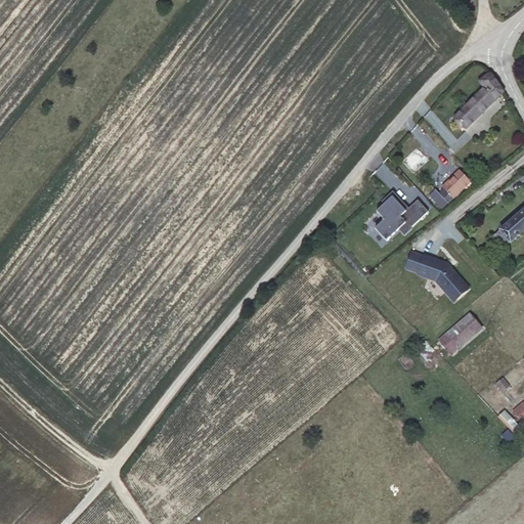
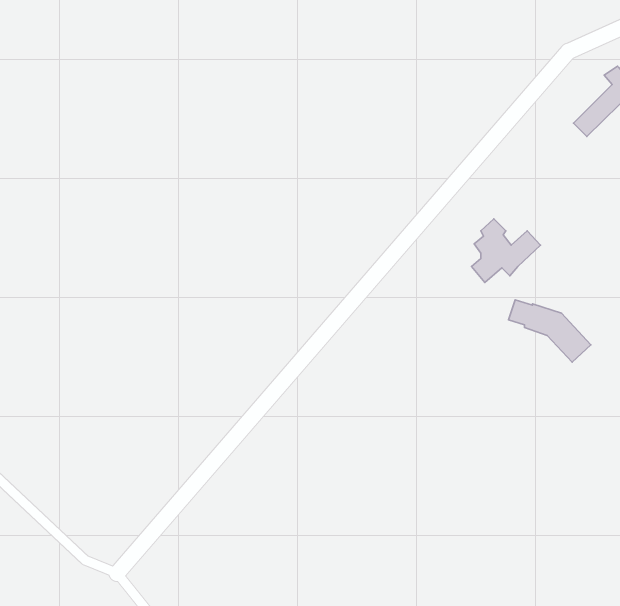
building: [429,169,469,207] -> none
building: [438,313,481,353] -> none

